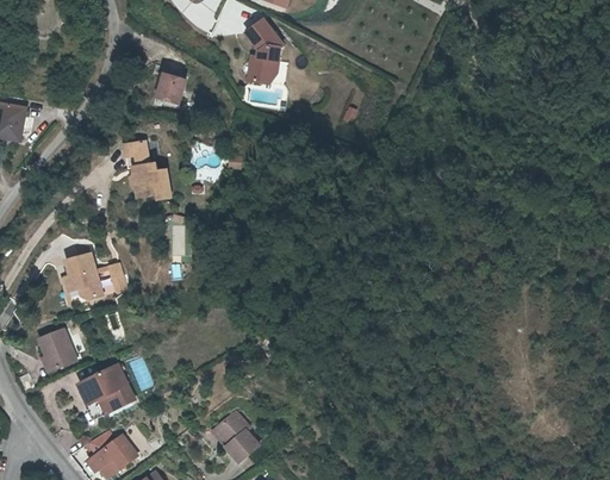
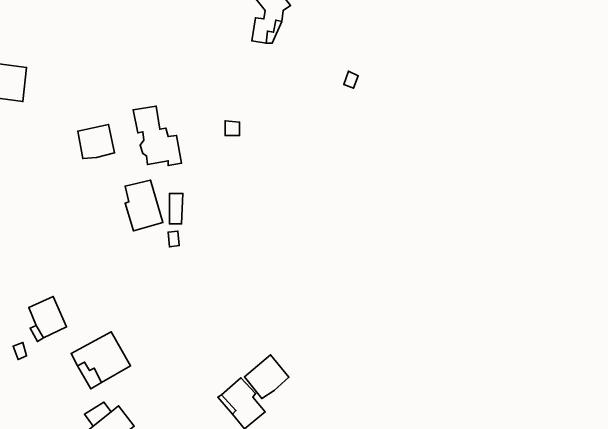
building: [158,73,187,104] -> none
building: none -> [78,124,114,158]
building: [61,258,98,308] -> [125,180,163,231]
building: none -> [245,355,289,398]

